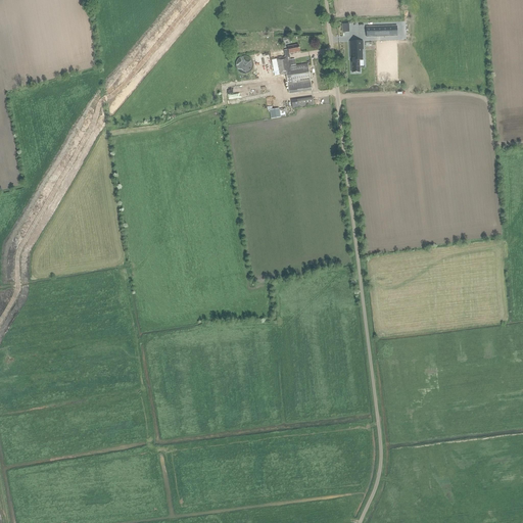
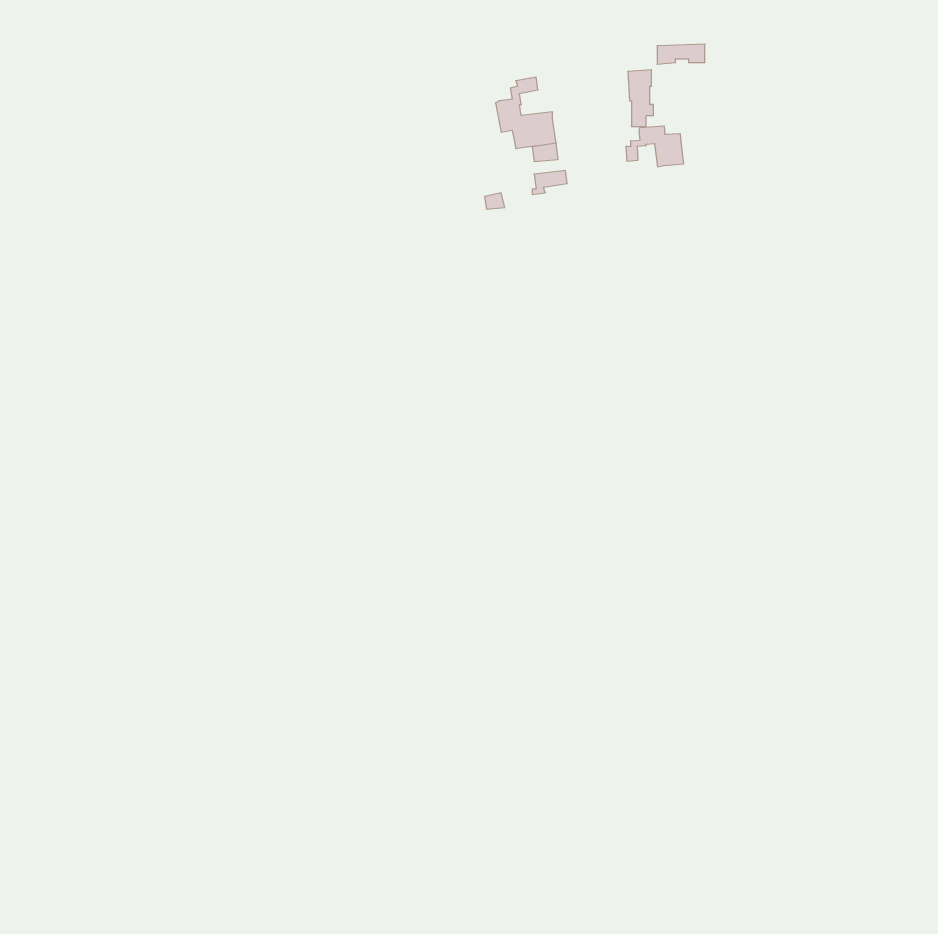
building: none -> [626,126,683,167]

